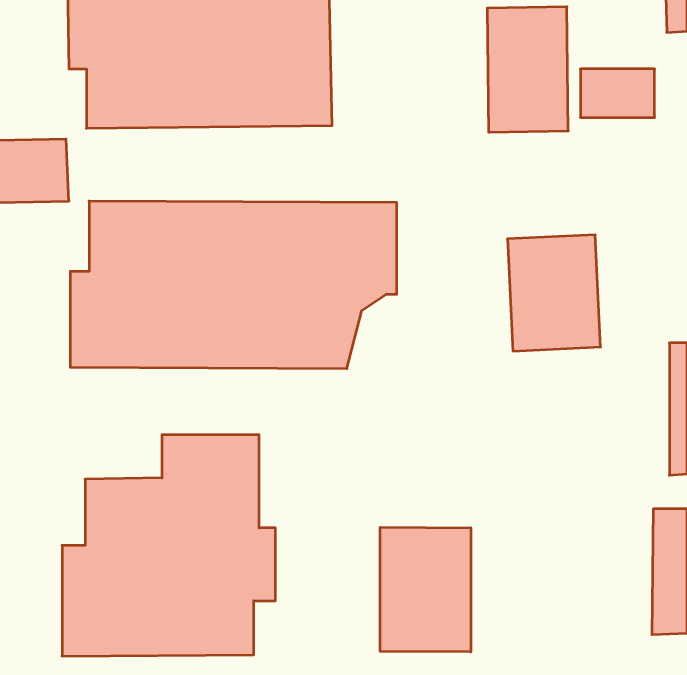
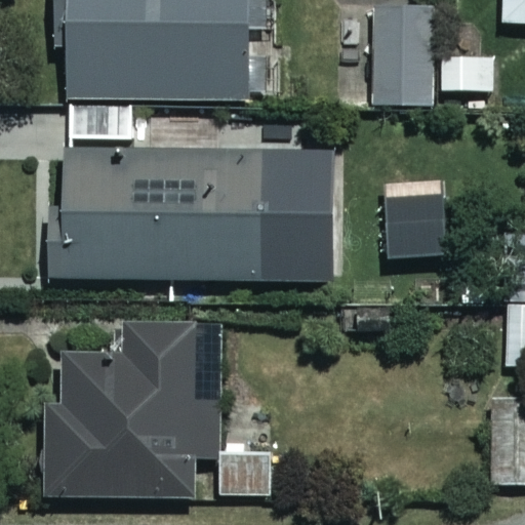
building: [380,527,471,652] -> none

